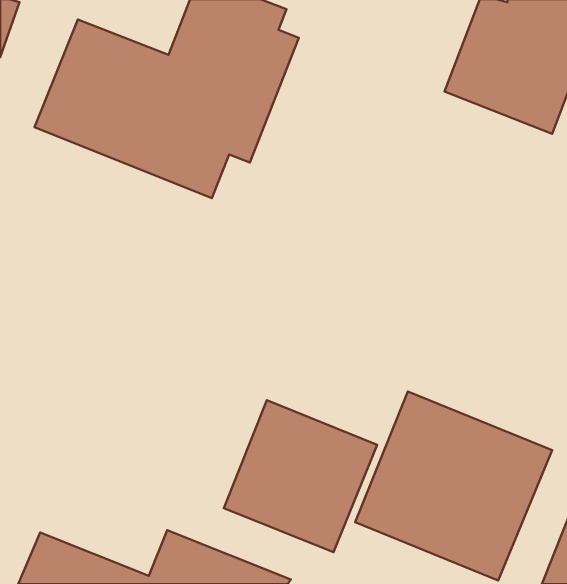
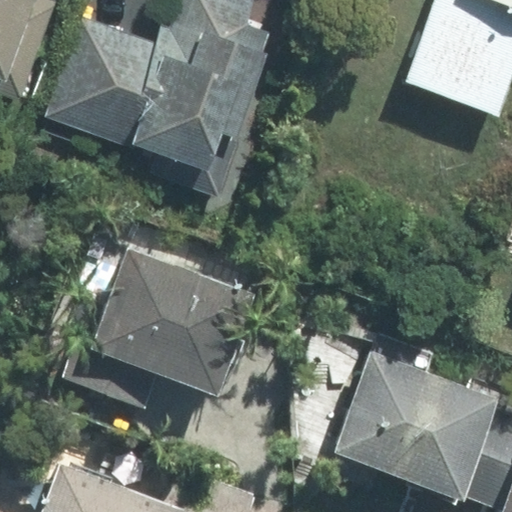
building: none -> [82,254,245,400]
building: [224,400,377,552] -> none

